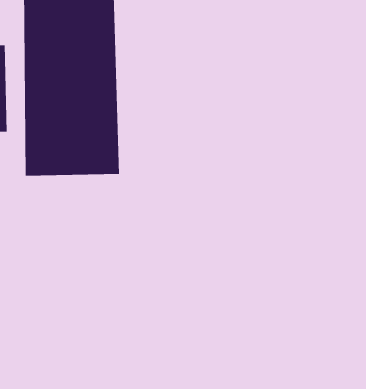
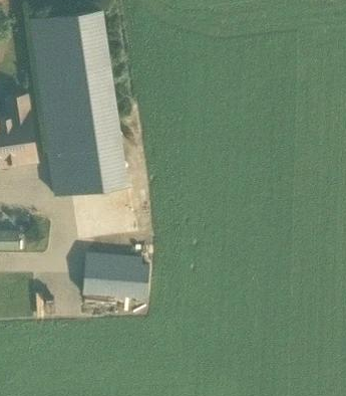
building: none -> [81,247,148,300]

